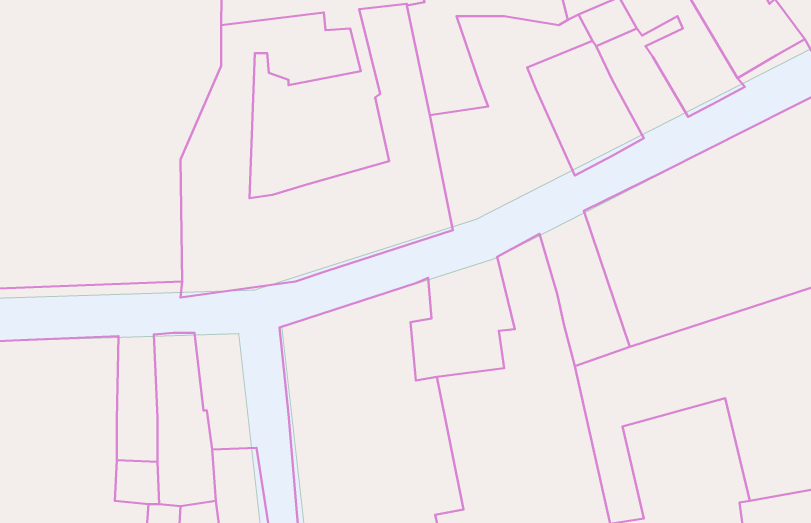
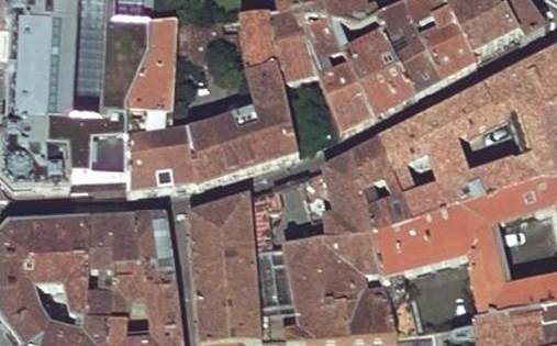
building: none -> [298,15,341,57]
building: none -> [394,41,442,91]
building: none -> [319,60,371,131]
building: none -> [349,136,405,233]
building: none -> [135,210,174,284]
building: none -> [87,213,112,266]

